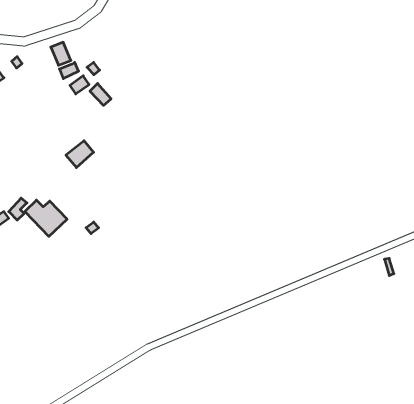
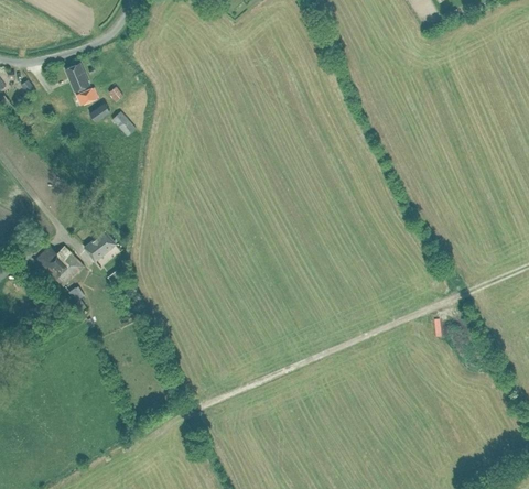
building: [66,141,94,168] -> [84,231,116,262]

